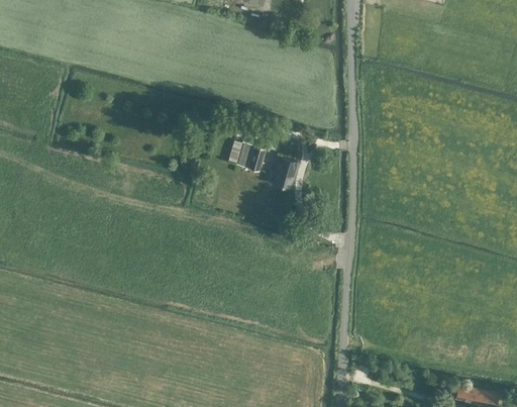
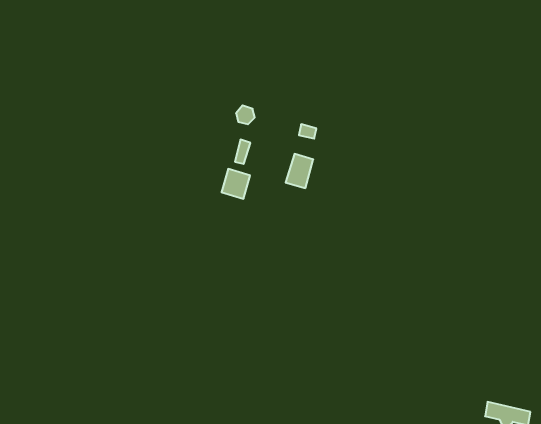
building: [241,144,268,172] -> [221,169,250,199]

